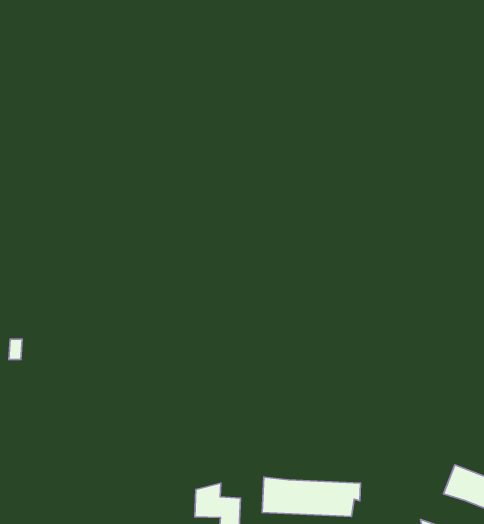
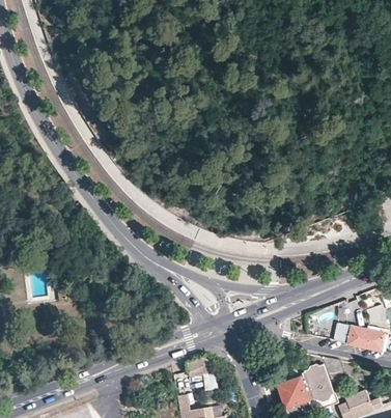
building: [262,477,360,516] -> none

